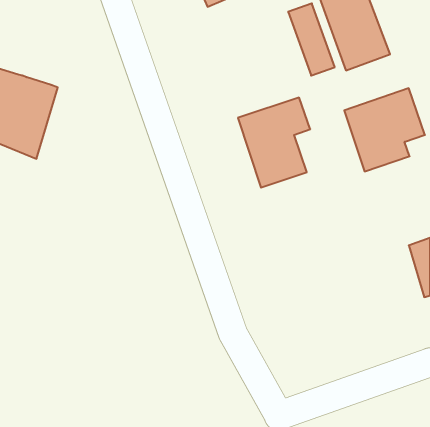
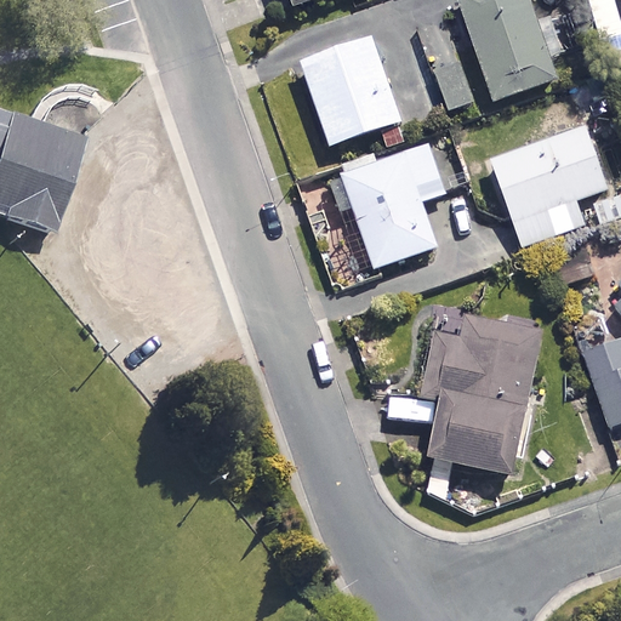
building: none -> [301,39,400,147]
building: none -> [421,312,537,475]

